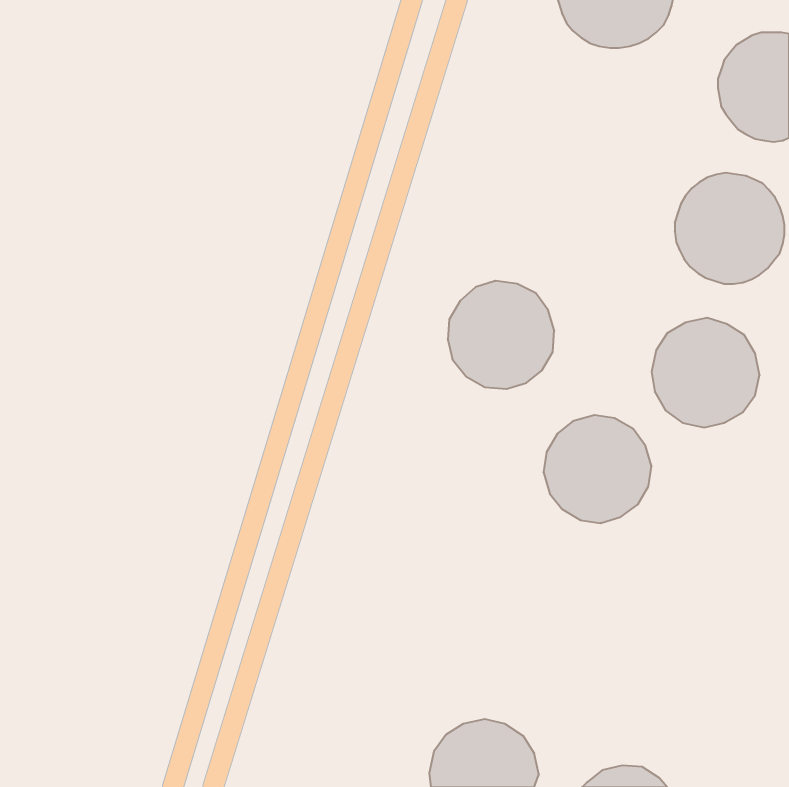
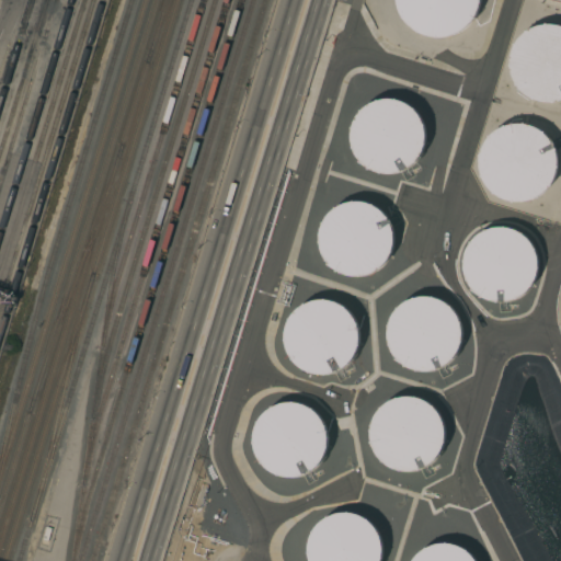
building: none -> [350,99,424,173]
building: none -> [285,299,359,374]
building: none -> [367,394,445,471]
building: none -> [250,401,327,477]

